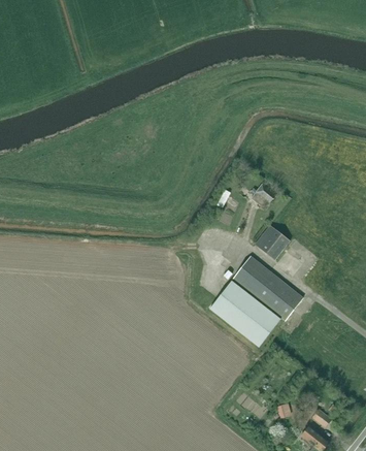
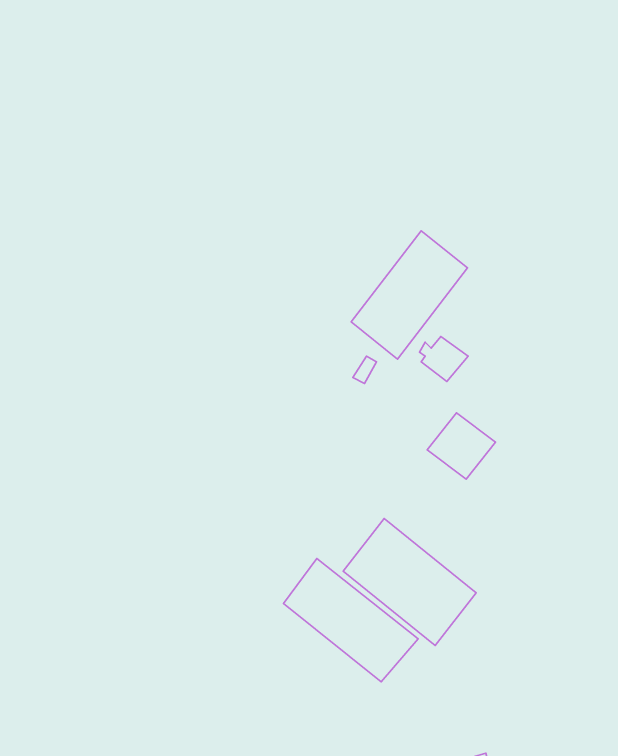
building: none -> [351,231,468,359]
building: [232,255,303,320] -> [283,558,418,682]

